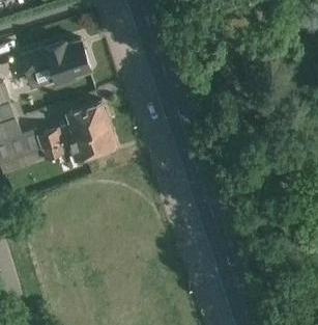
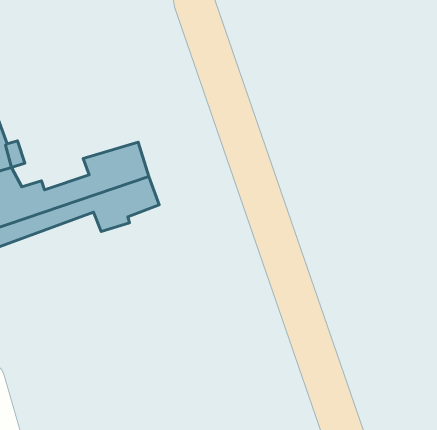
building: [22,39,91,89] -> none

